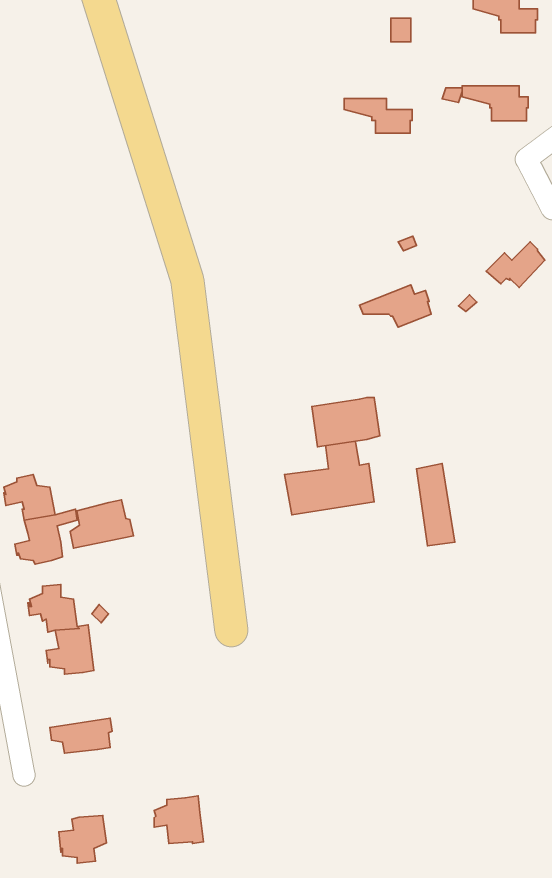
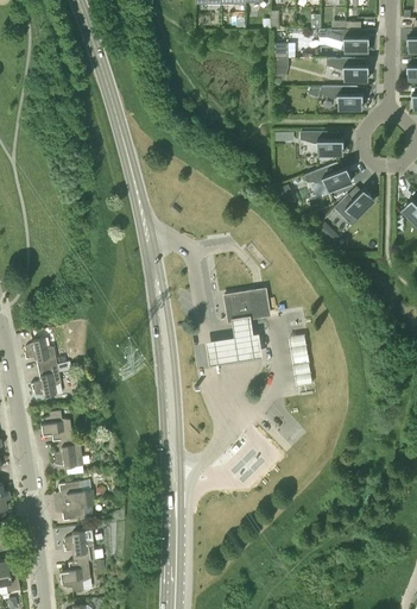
building: none -> [327,59,369,82]
building: [344,98,412,133] -> [301,133,345,156]
building: [360,285,431,327] -> [305,164,352,192]
building: [70,500,133,548] -> none
building: none -> [52,481,93,504]
building: [154,796,204,844] -> [63,532,95,563]

